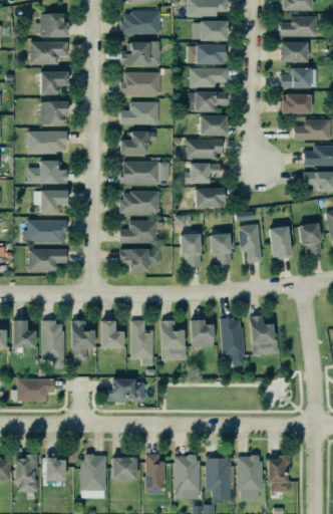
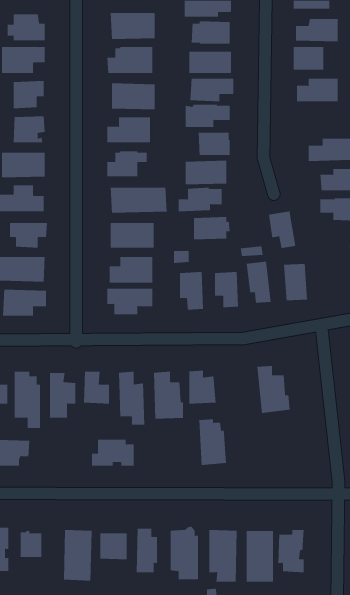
building: [284,94,312,114] -> none
building: [297,222,321,254] -> [268,211,296,249]
building: [220,317,244,357] -> [199,419,227,466]

